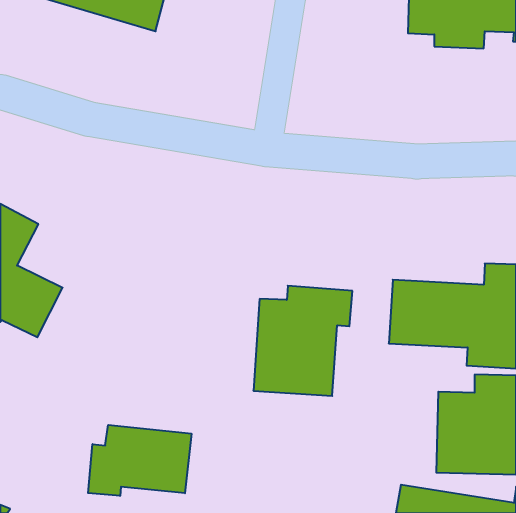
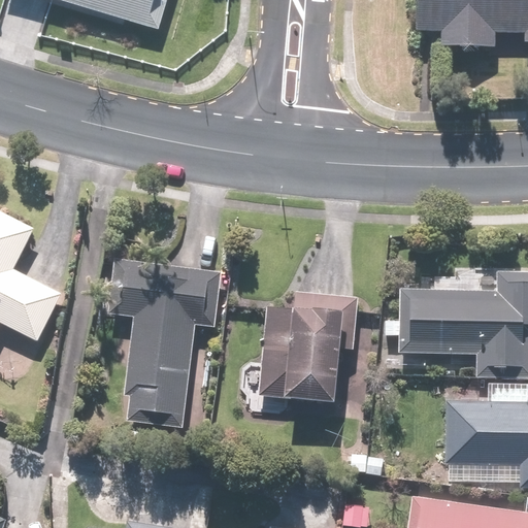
building: none -> [112,260,222,429]
building: [88,425,191,496] -> none

